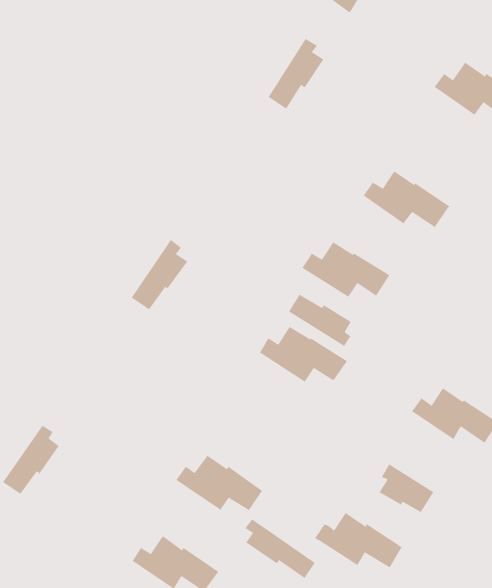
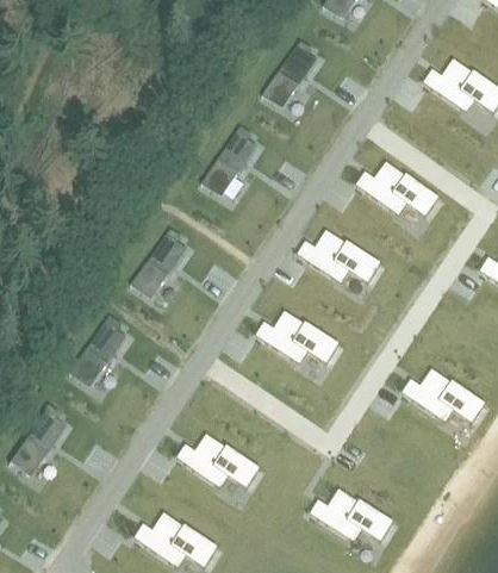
building: none -> [204,126,257,194]
building: [288,294,351,347] -> none
building: none -> [71,317,127,385]
building: [379,463,434,513] -> none
building: [244,518,315,579] -> none

